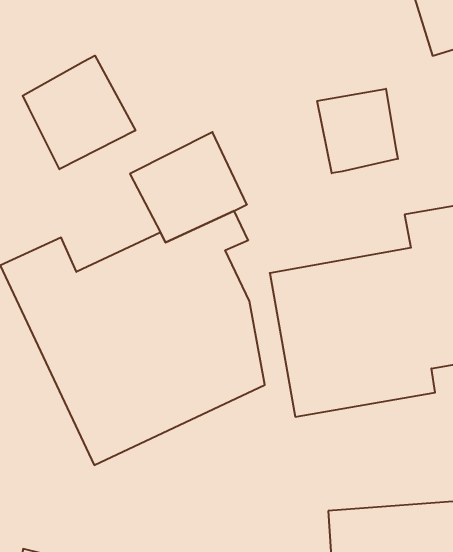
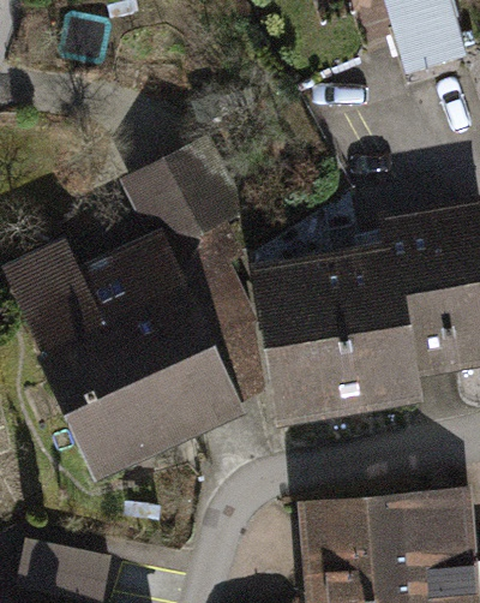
building: [23,56,135,169] -> none
building: [317,89,398,173] -> none

